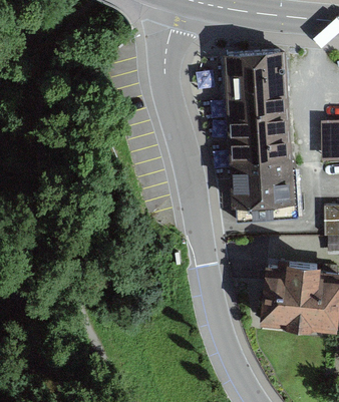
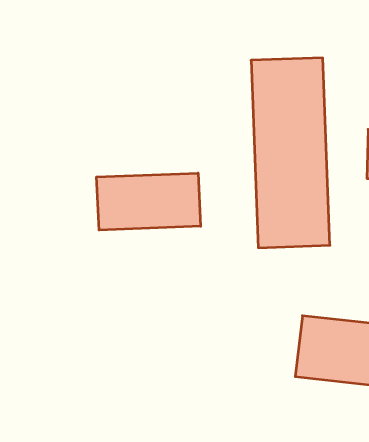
building: none -> [97,173,201,230]

